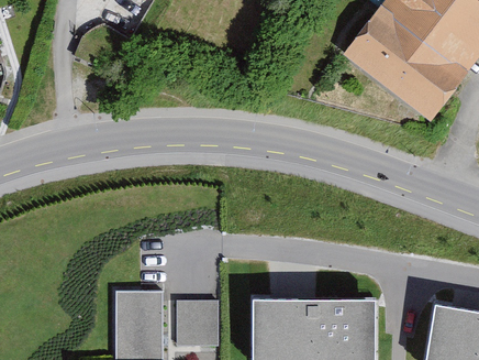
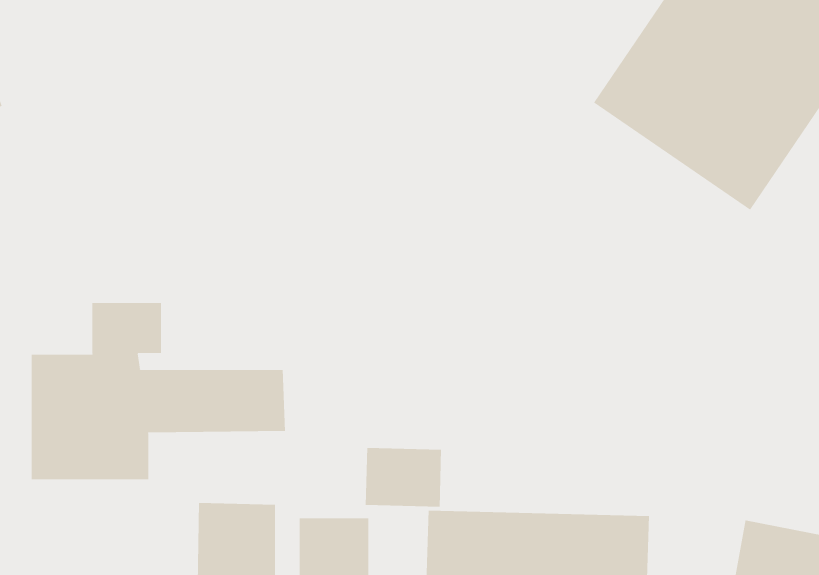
building: none -> [31,302,285,480]
building: none -> [365,447,442,508]

